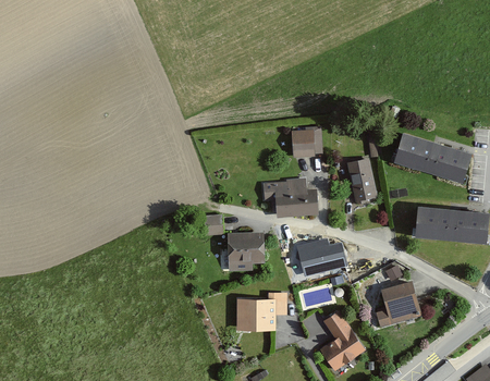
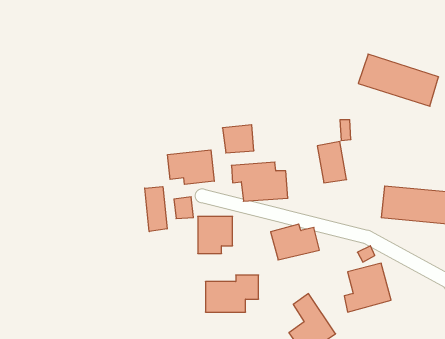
building: [292,127,323,156] -> [222,125,254,153]
building: [389,130,469,182] -> [358,54,439,106]
building: none -> [168,150,214,184]
building: none -> [145,187,167,232]

